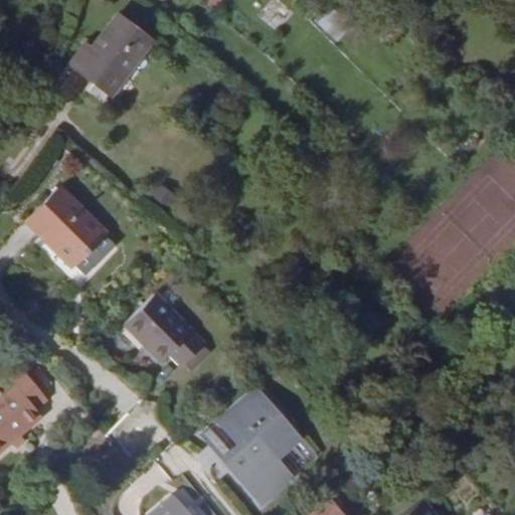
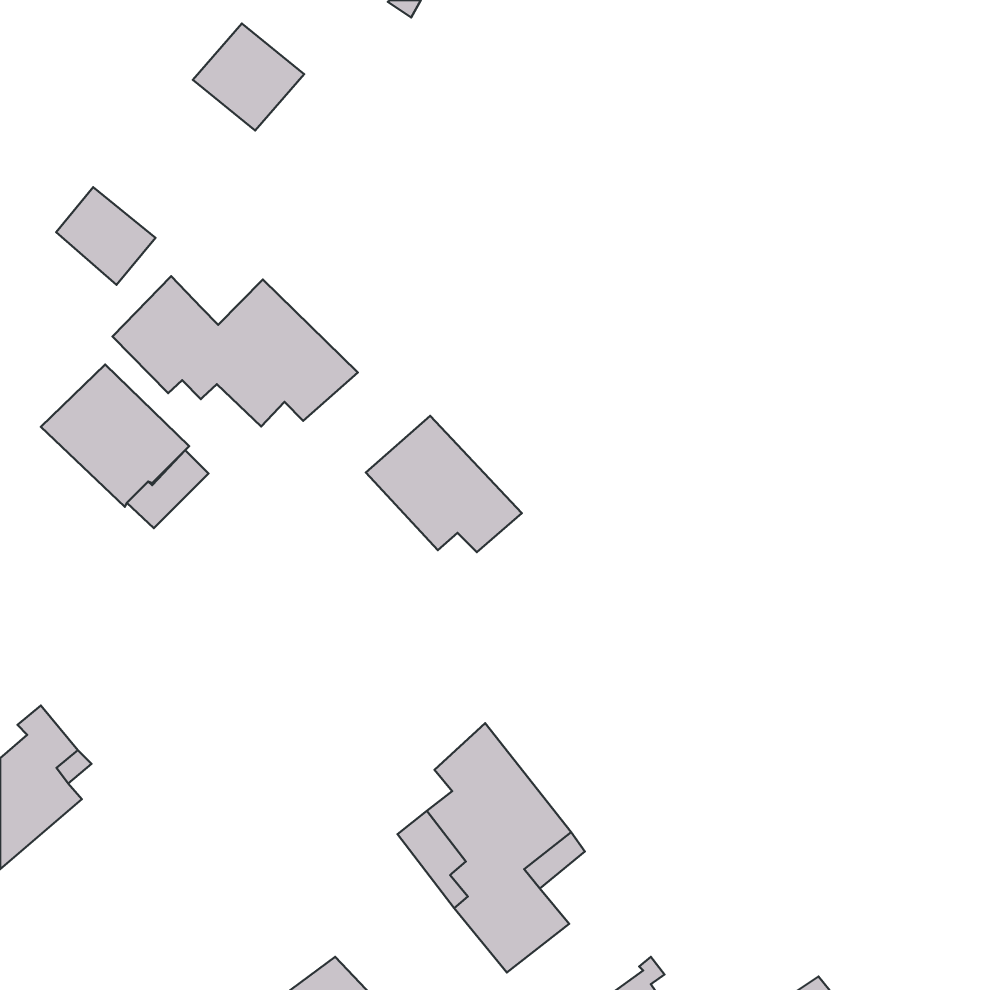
building: [81,44,133,95] -> [56,187,155,285]
building: none -> [113,276,358,426]
building: [126,298,206,368] -> [366,416,522,552]

